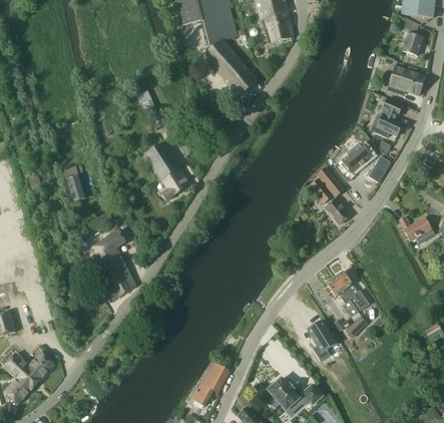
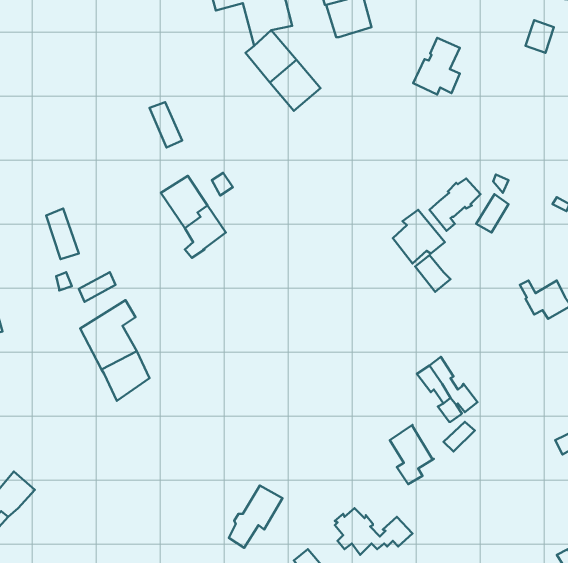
building: [387,64,426,94] -> none
building: [370,97,403,137] -> [413,38,460,95]

